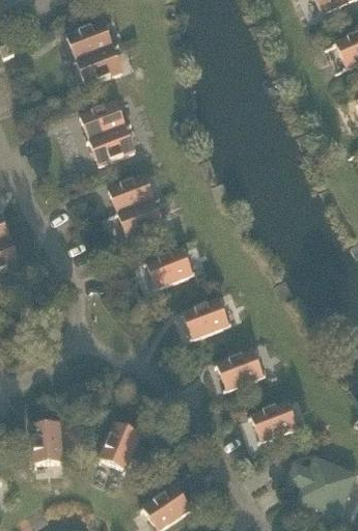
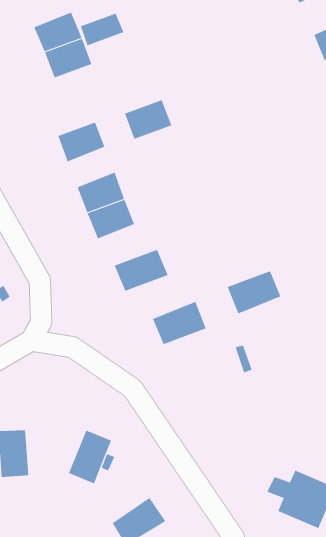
building: none -> [80,13,124,46]
building: [80,102,126,140] -> [124,99,172,140]
building: [214,350,266,391] -> [227,271,281,314]
building: [248,400,300,442] -> none

